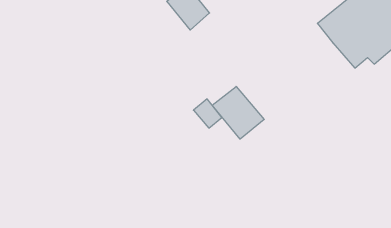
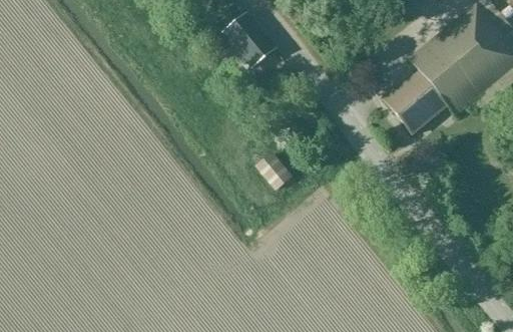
building: none -> [384,71,447,133]
building: [212,86,264,139] -> none

